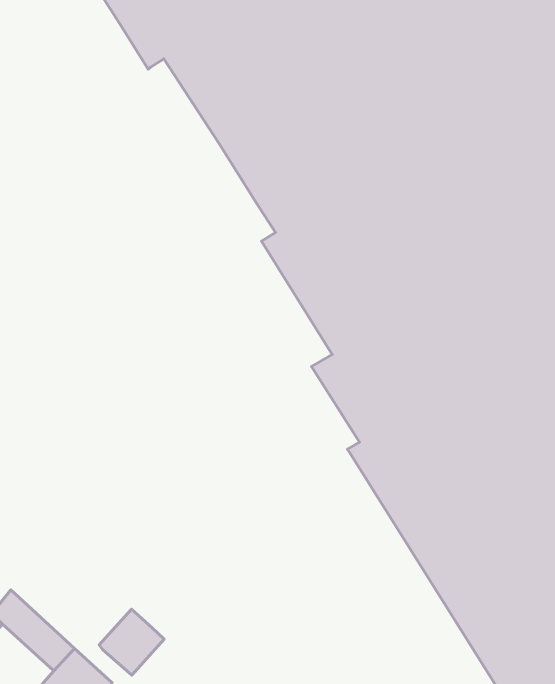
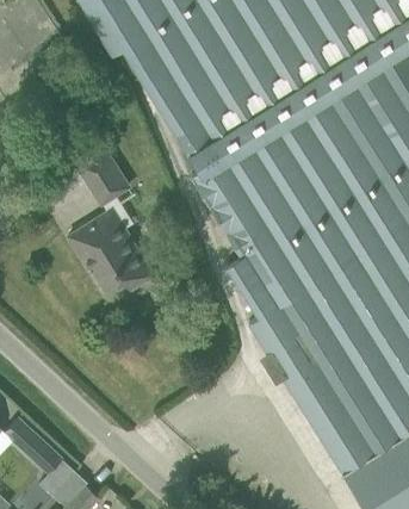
building: none -> [68,150,153,291]
building: [99,609,164,675] -> none

